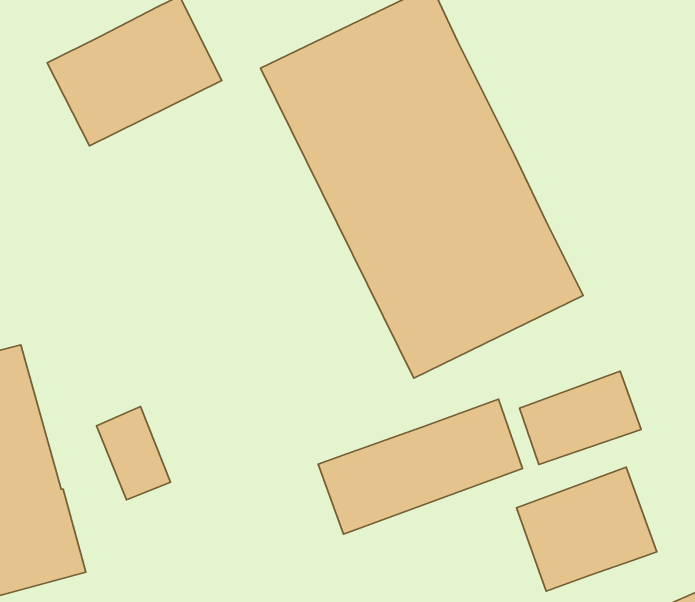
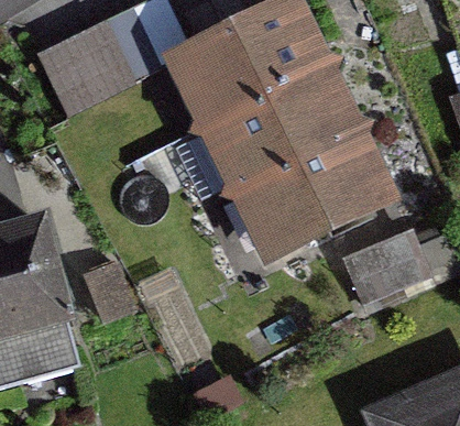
building: [318,399,523,534] -> none
building: [517,467,657,591] -> none

